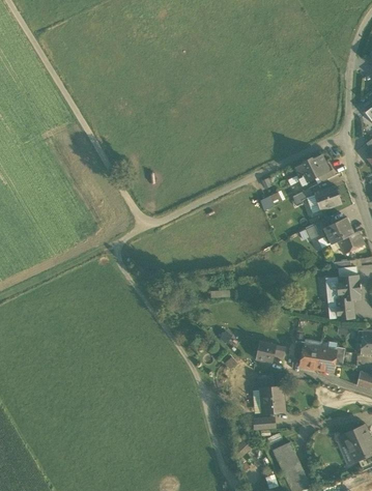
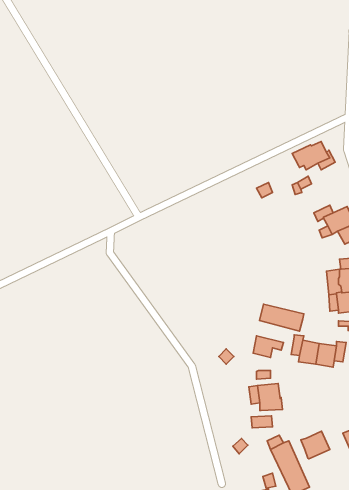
building: [314,187,341,211] -> none
building: none -> [259,304,304,331]
building: none -> [301,431,330,459]

